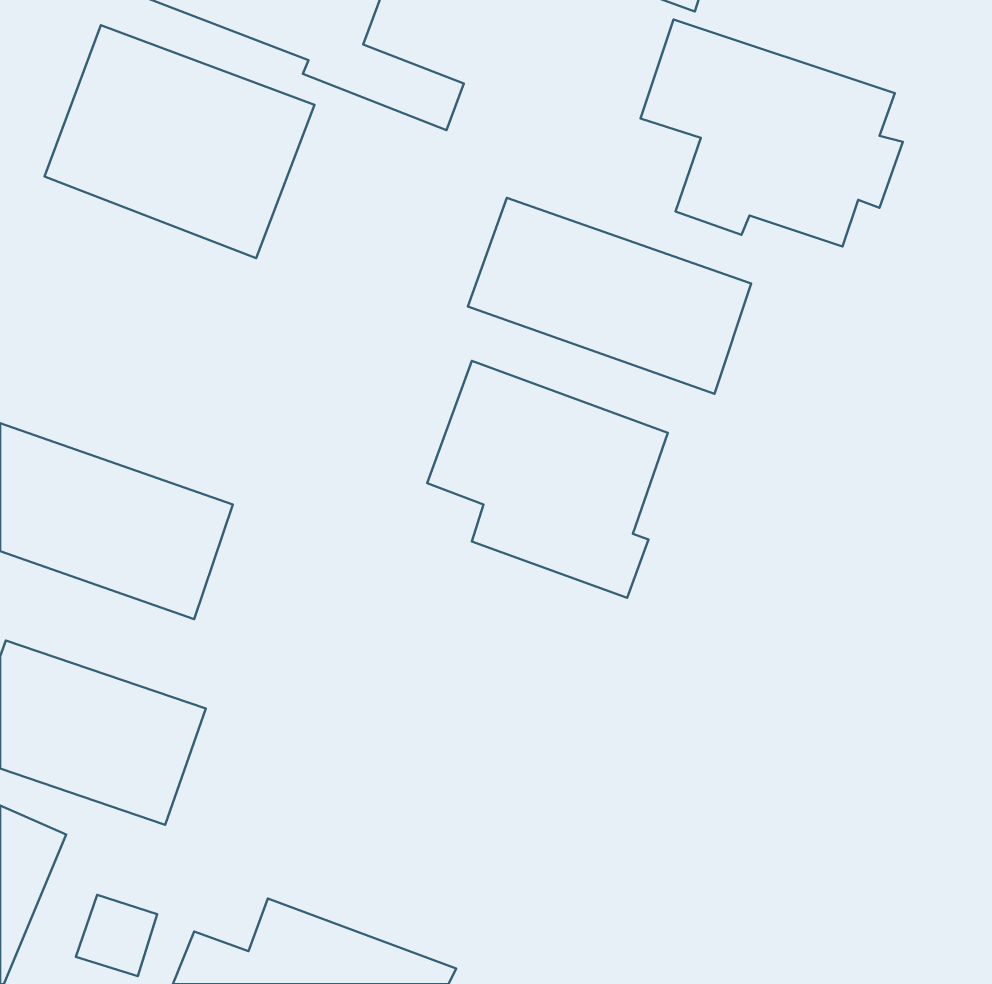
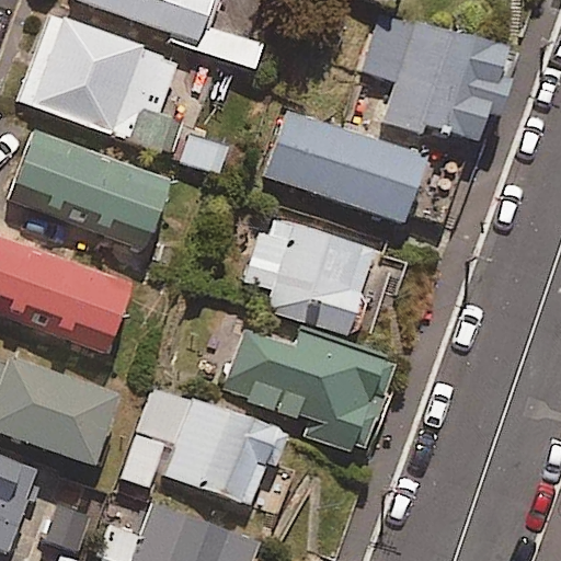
building: none -> [11,133,170,247]
building: none -> [224,329,393,454]
building: none -> [122,386,288,504]

